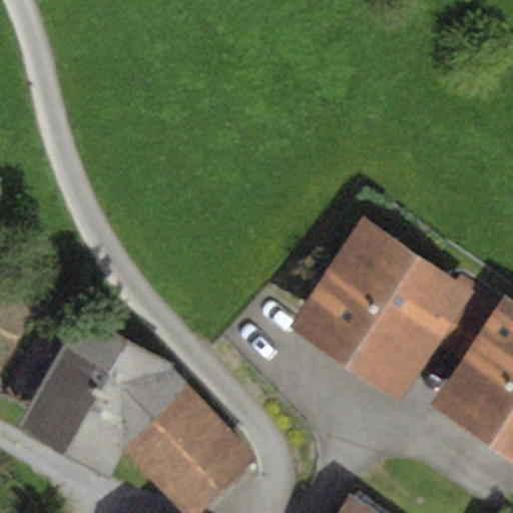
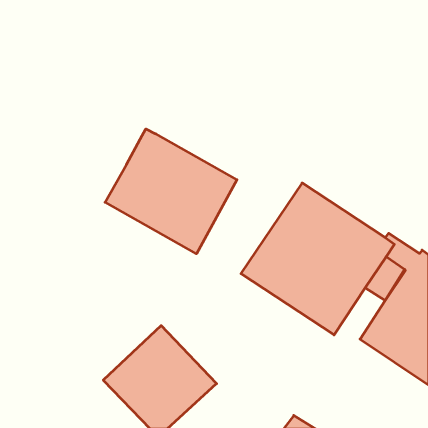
building: none -> [105,129,237,254]
building: [16,313,193,478] -> none

